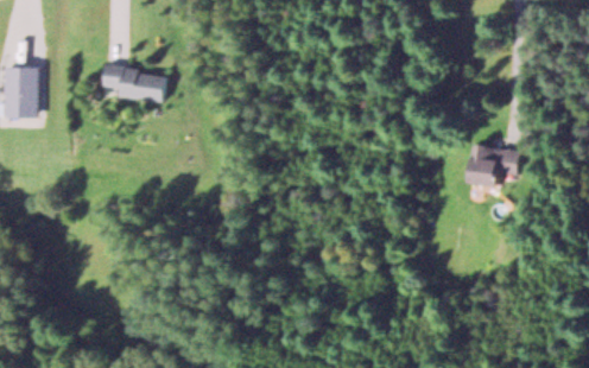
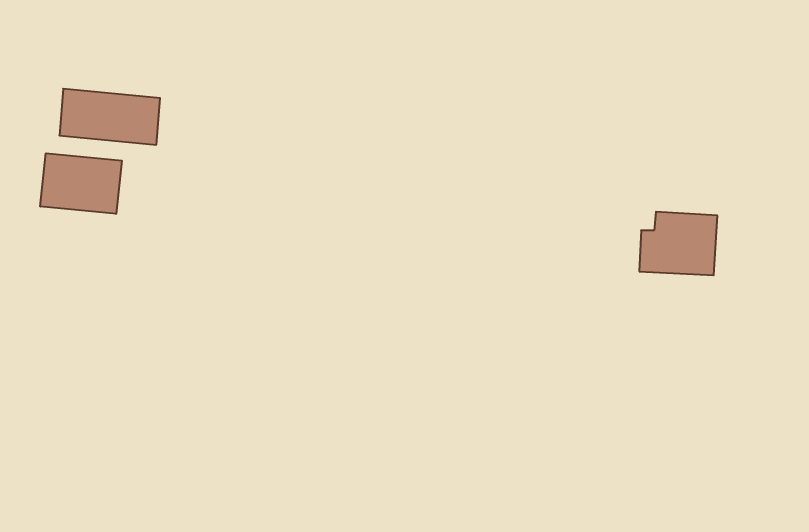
building: none -> [40,153,122,214]

